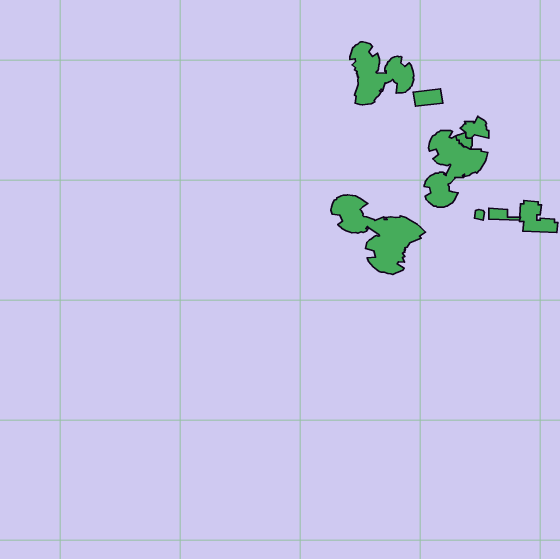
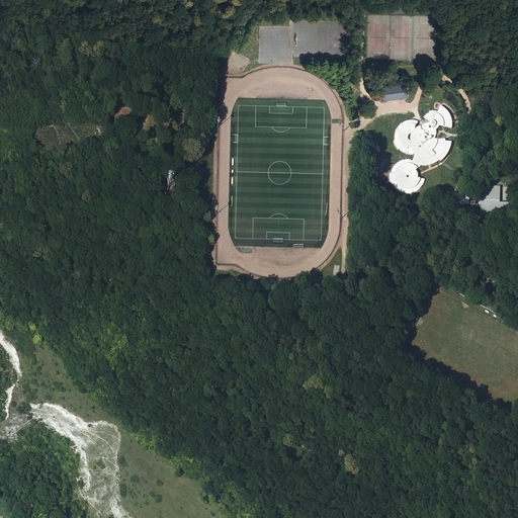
building: [350,42,414,105] -> none
building: [331,195,426,274] -> none

